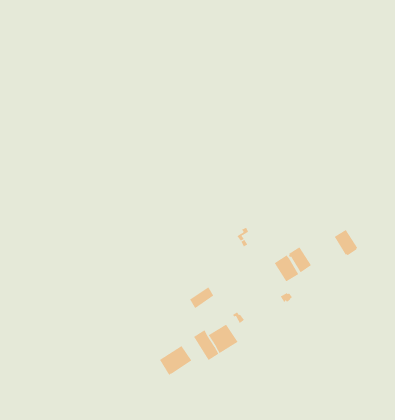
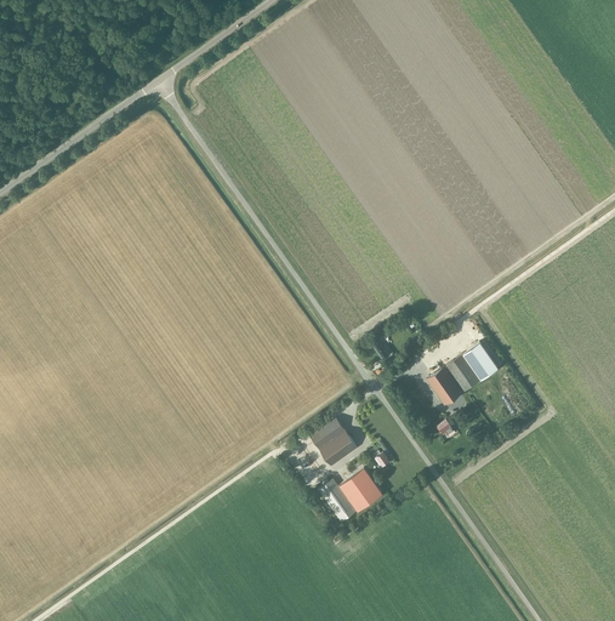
building: [334,229,358,256] -> [462,342,497,380]
building: none -> [319,429,357,466]
building: [159,345,192,376] -> none

